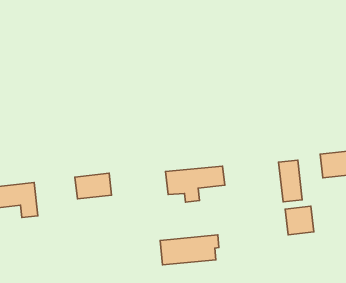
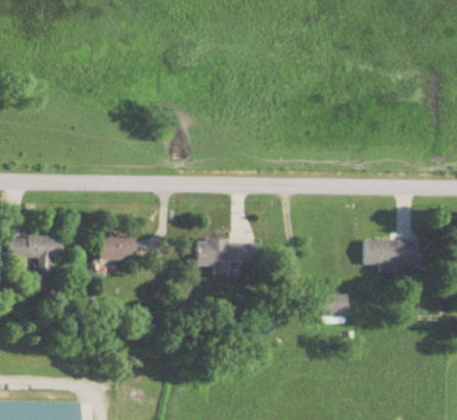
building: [279,160,302,202] -> none
building: [160,235,219,265] -> none

